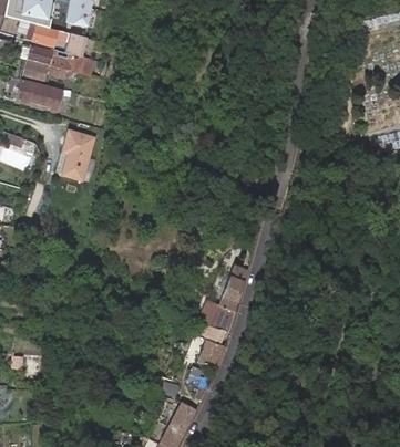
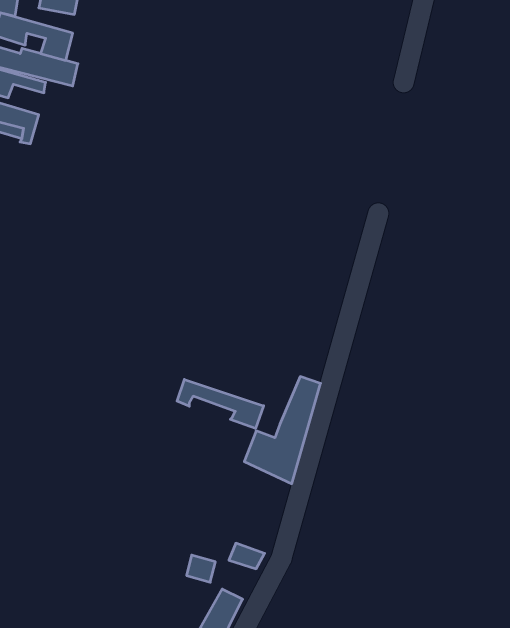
building: [65,134,94,181] -> none
building: none -> [177,379,264,428]
building: [199,340,225,368] -> none

